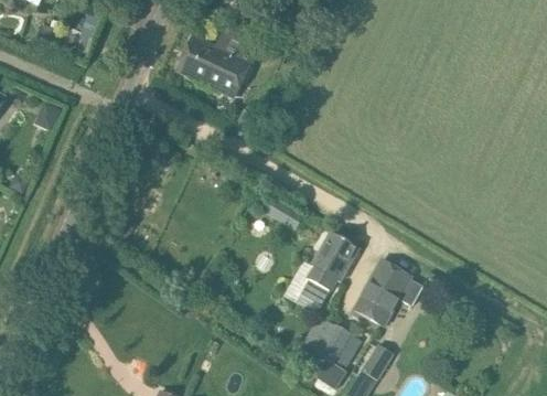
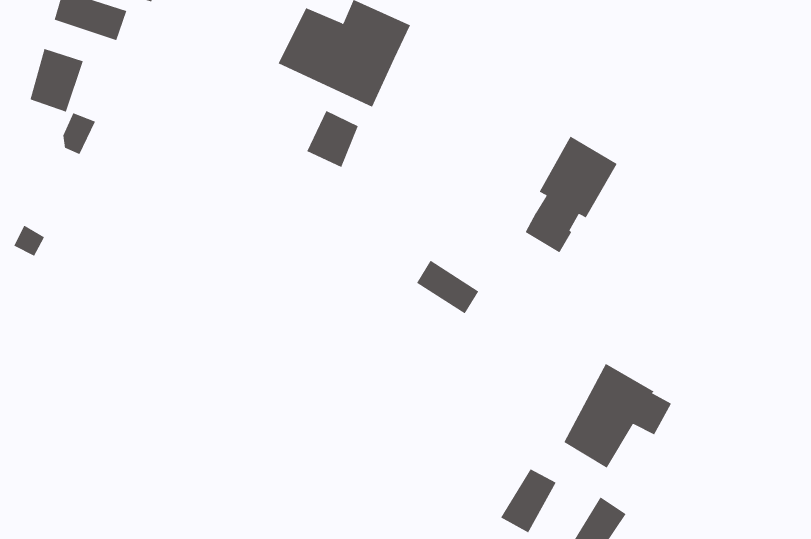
building: none -> [30,48,84,112]
building: none -> [306,110,358,168]
building: [302,231,361,304] -> [525,136,618,253]

